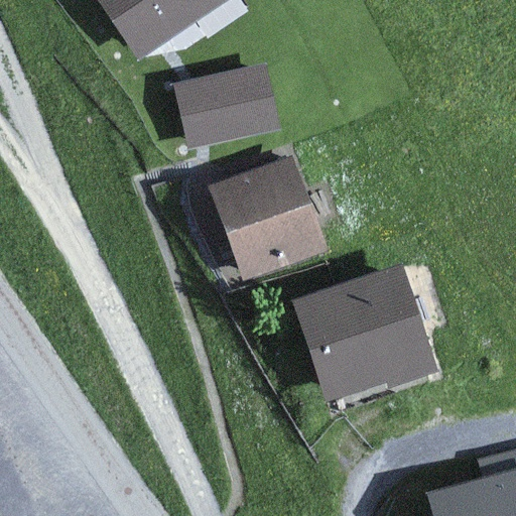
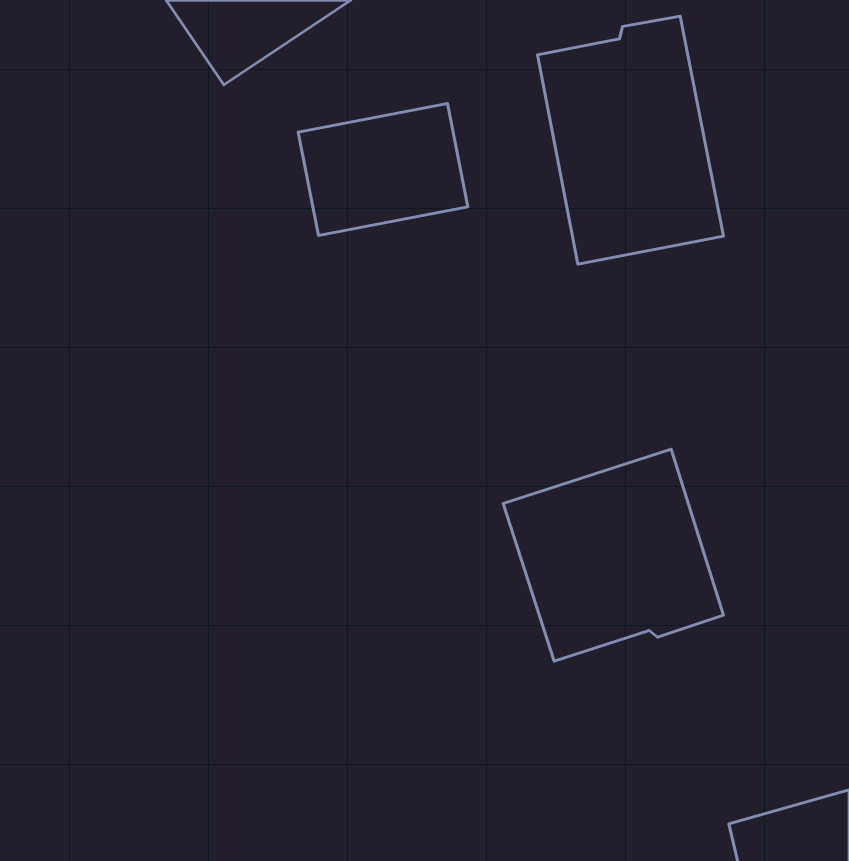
building: none -> [537,16,723,264]
building: [210,156,329,280] -> none

